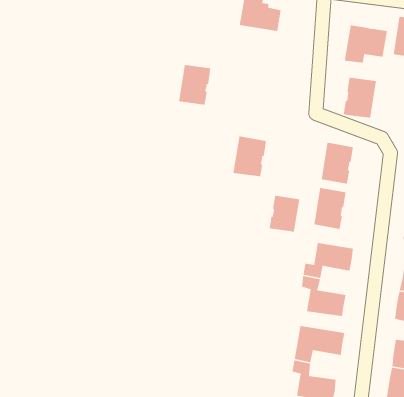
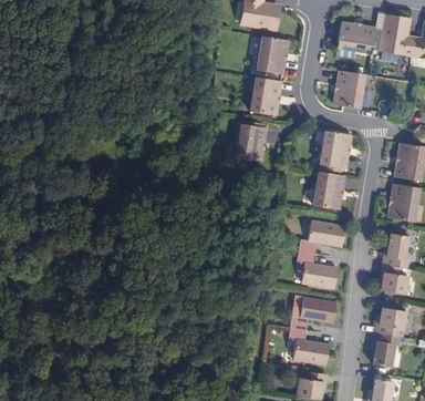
building: none -> [257,37,287,74]
building: [178,64,211,106] -> [250,78,280,115]
building: [269,195,300,233] -> none

